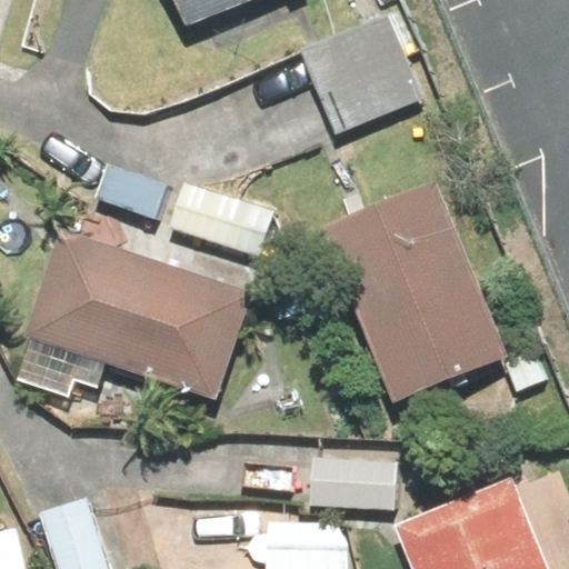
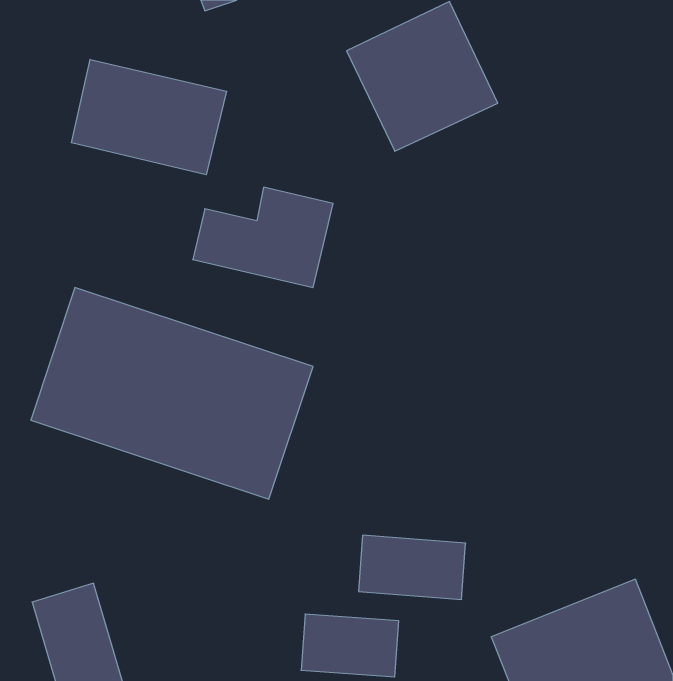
building: none -> [71,59,227,175]
building: [325,184,518,421] -> none

